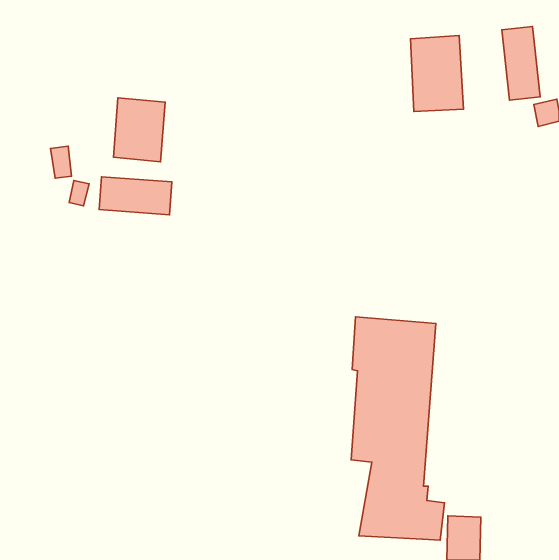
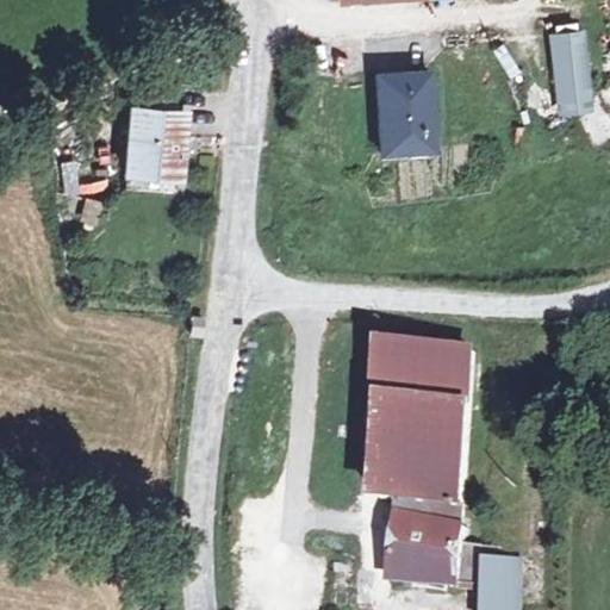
building: [411,36,463,111] -> [372,69,429,151]
building: [99,177,172,215] -> none

